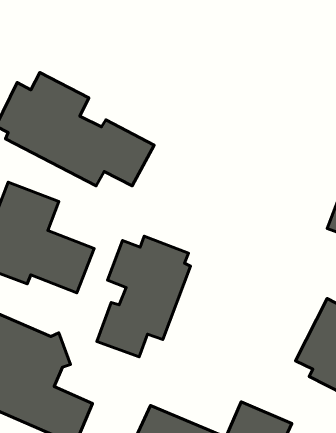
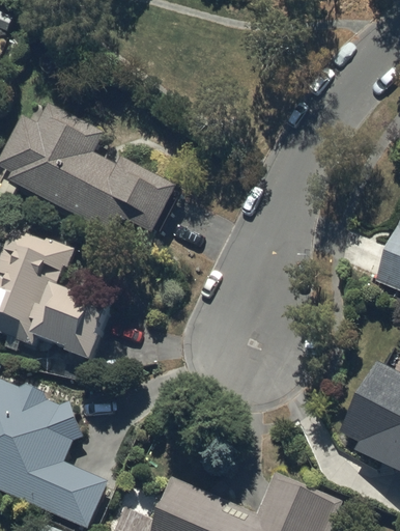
building: [97,236,190,357] -> none

